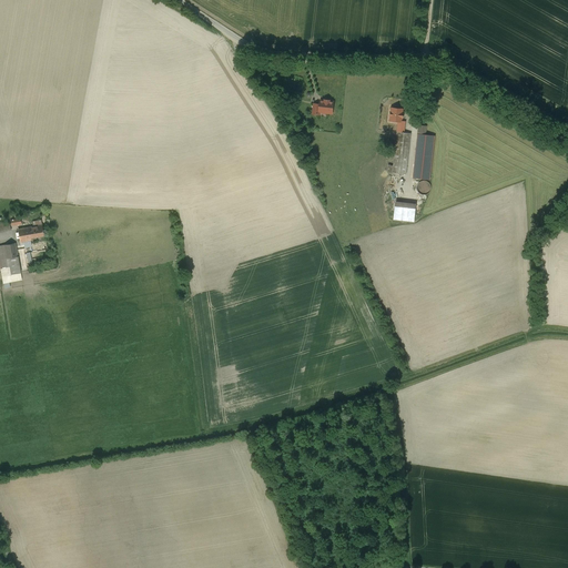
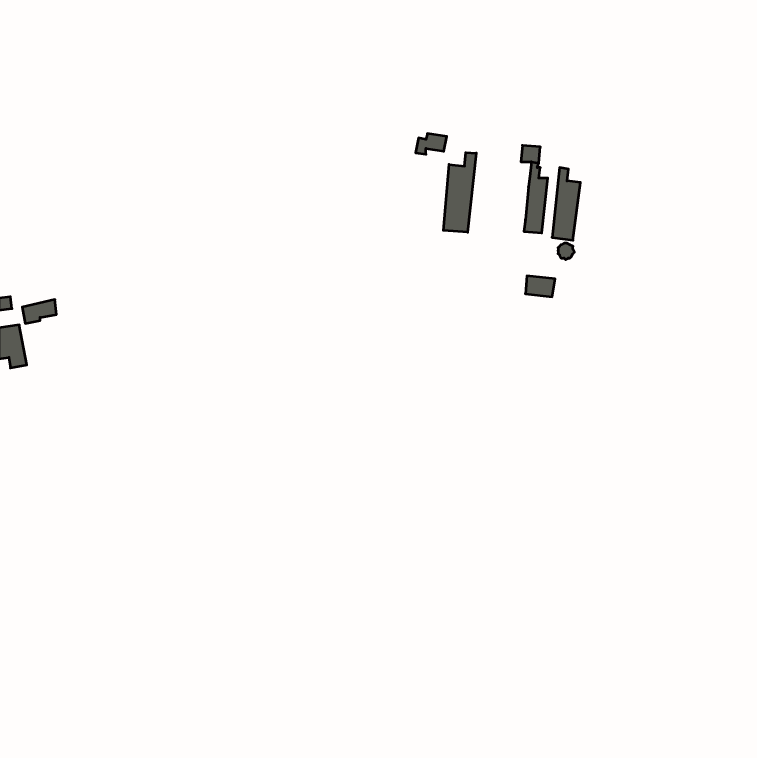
building: none -> [443,153,476,232]

